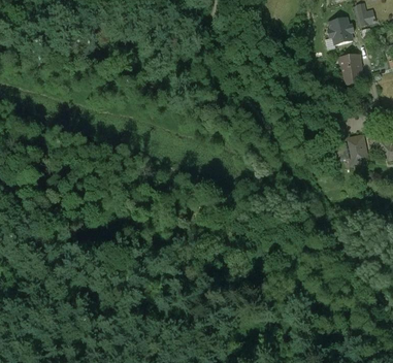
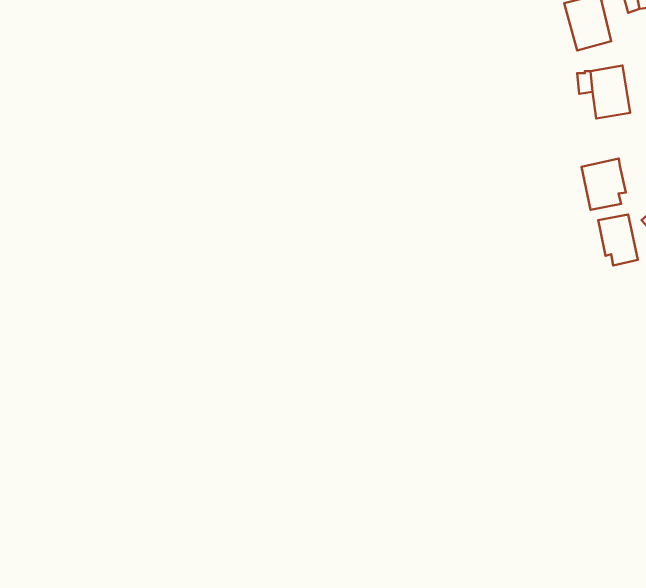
building: none -> [582,159,626,210]

